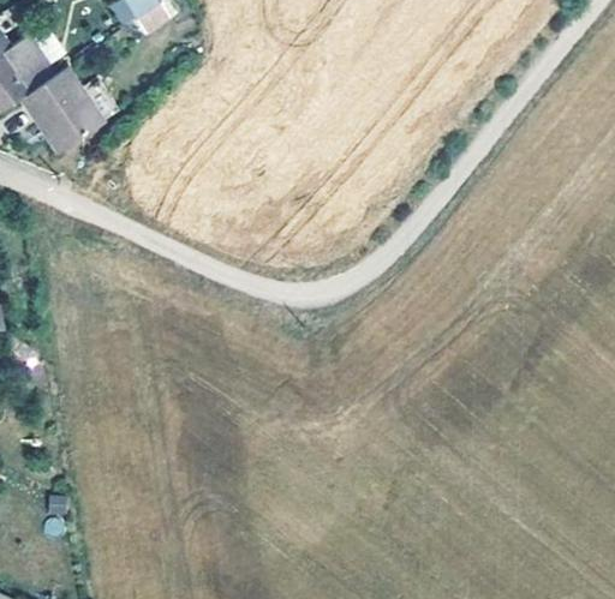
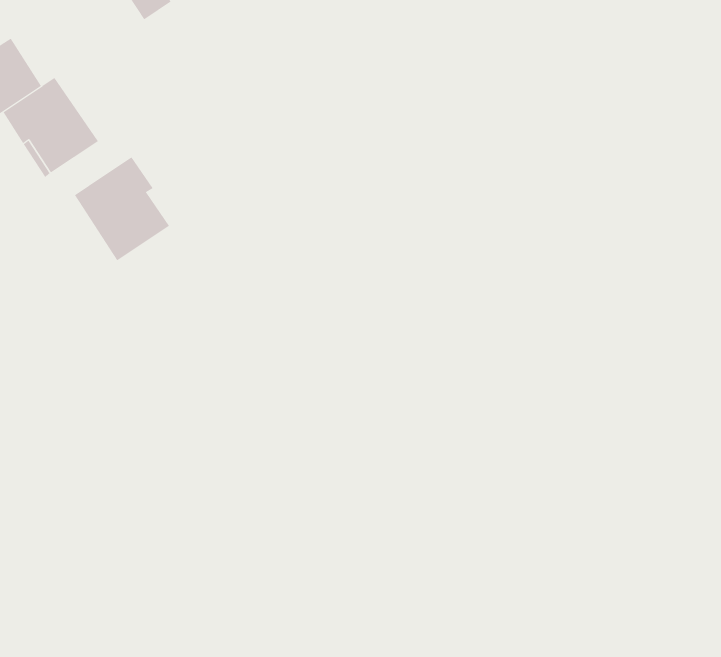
building: none -> [74,157,170,261]

